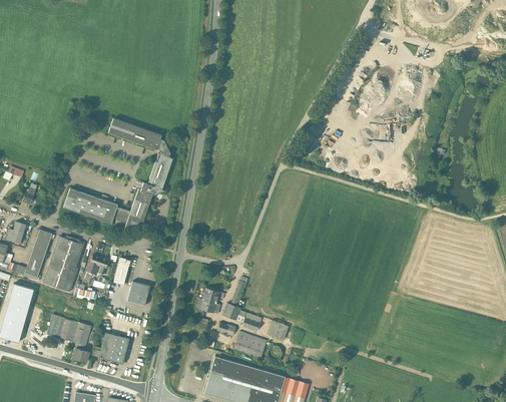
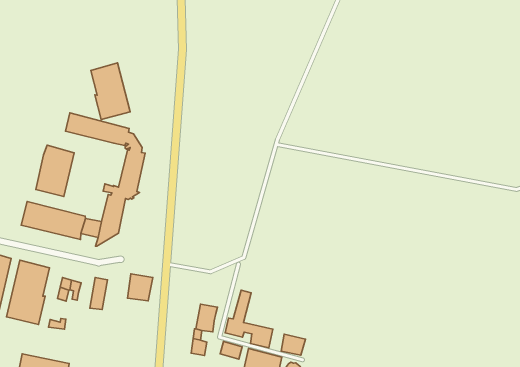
building: none -> [91,63,130,119]
building: none -> [36,145,74,196]
building: [127,281,150,305] -> [127,274,153,301]

